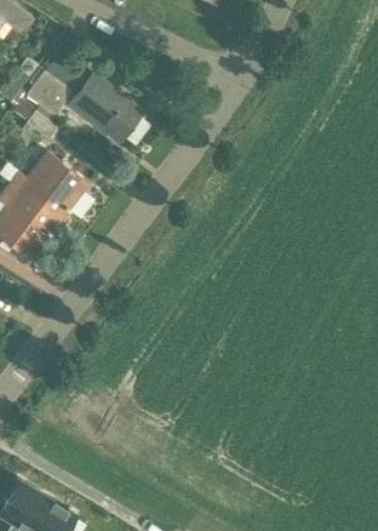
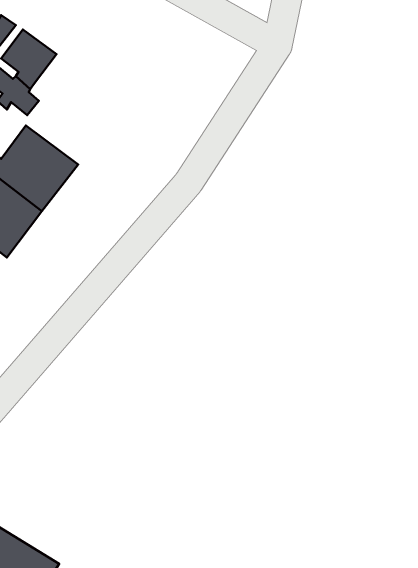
building: [69,73,142,141] -> none

